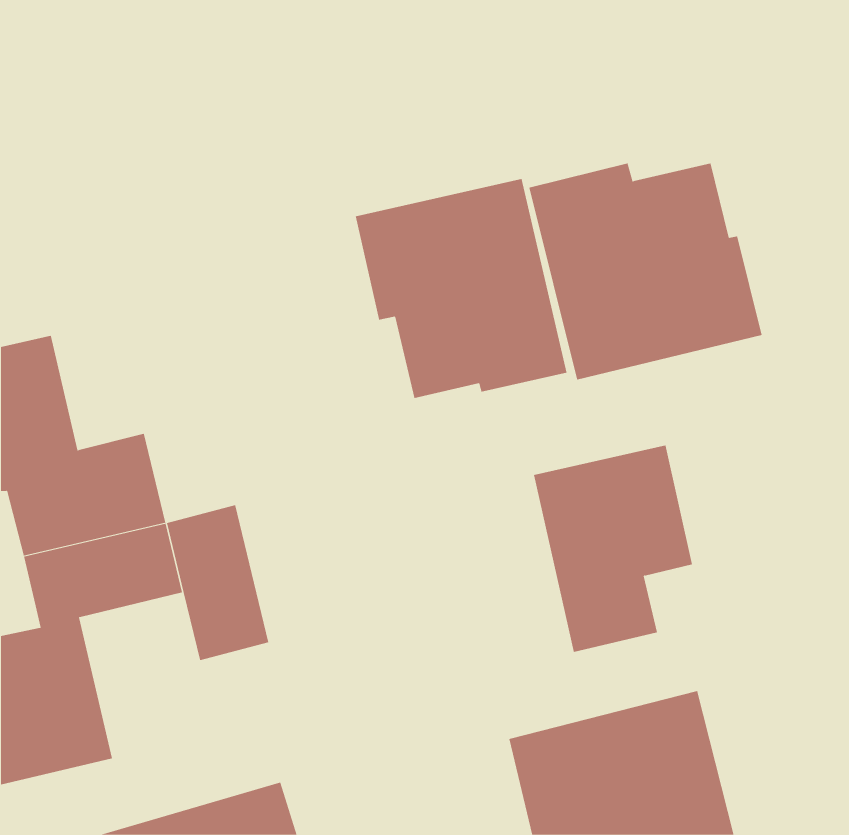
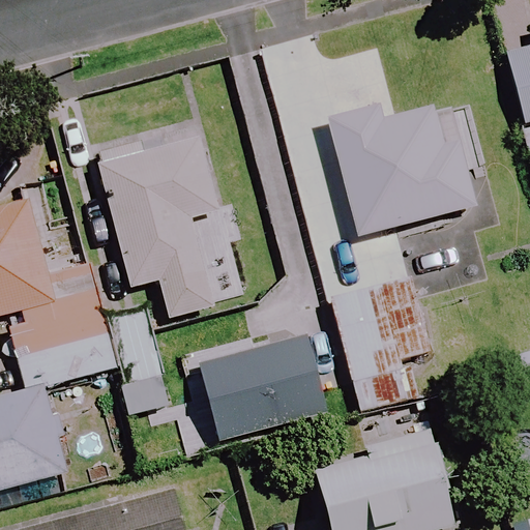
building: [355,178,567,399] -> none
building: none -> [99,135,216,317]
building: none -> [197,333,323,440]

